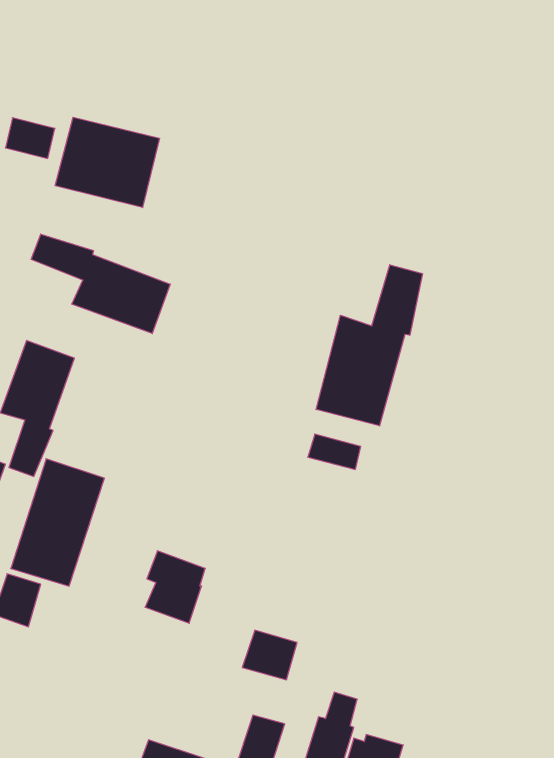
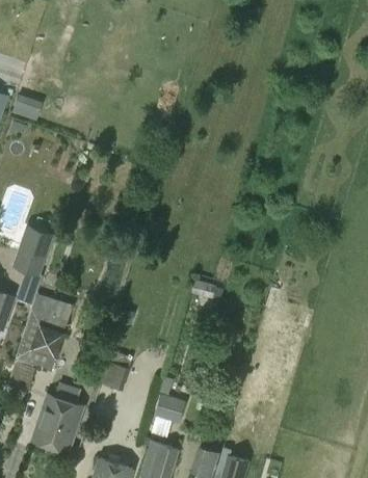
building: [55,117,159,208] -> none
building: [31,234,170,334] -> none
building: [316,265,422,426] -> none
building: none -> [33,394,81,451]

